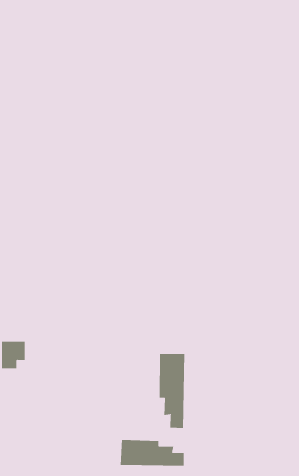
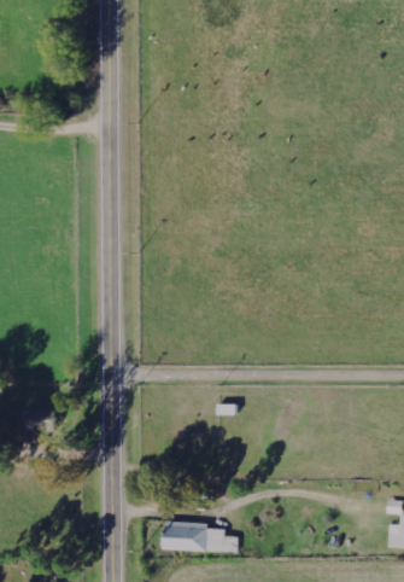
building: [159,353,185,429] -> none

